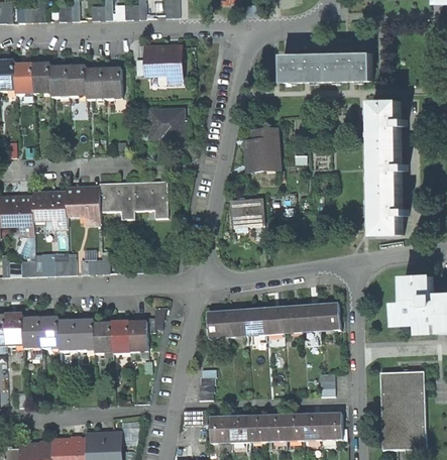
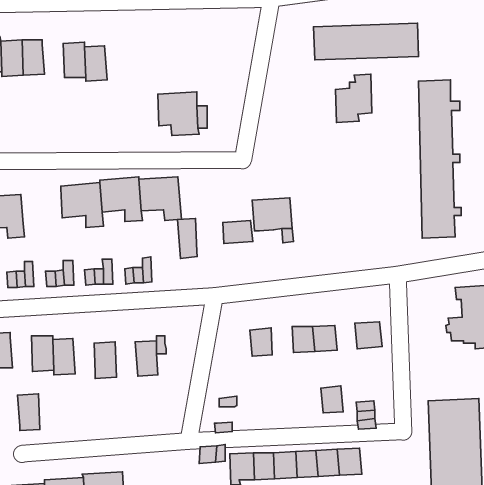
building: [145,47,181,83] -> none
building: [48,67,68,97] -> none
building: [102,68,121,98] -> none
building: [244,129,275,170] -> [335,74,372,122]
building: [30,191,67,229] -> none
building: none -> [178,219,197,259]
building: none -> [223,220,253,244]
building: [299,306,318,329] -> [321,386,343,413]
building: [244,309,263,333] -> none
building: [206,312,228,339] -> none
building: [21,317,40,348] -> [17,394,40,431]
building: [75,319,94,349] -> none
building: [111,322,130,352] -> none
building: [320,412,342,440] -> none

